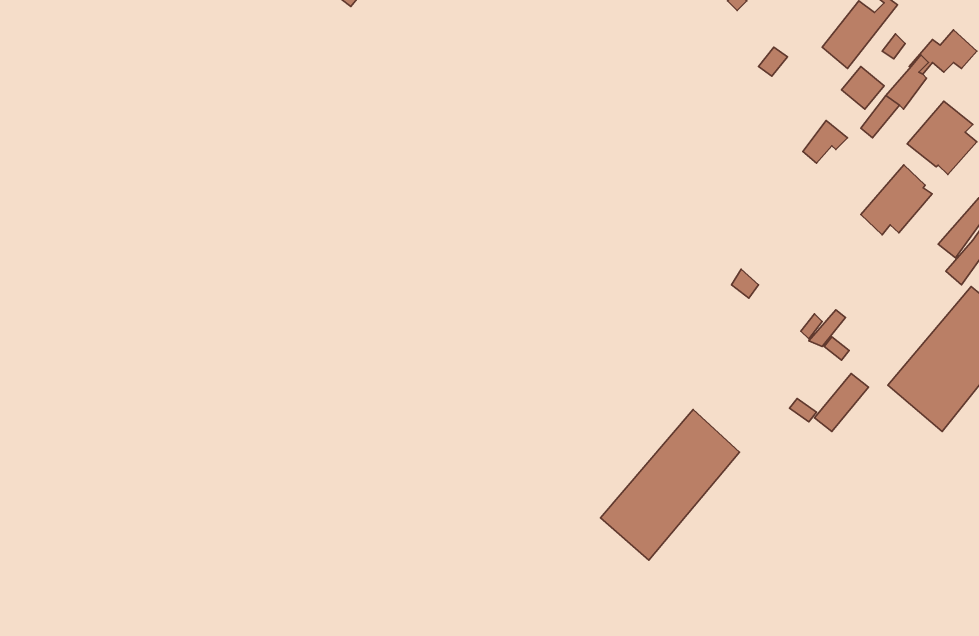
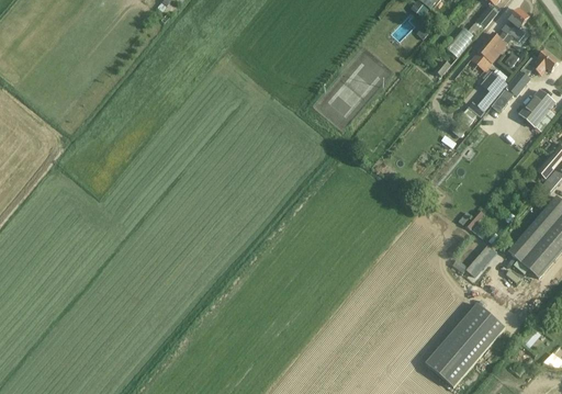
building: [861,165,932,235] -> none
building: [600,410,740,560] -> [426,302,505,387]

